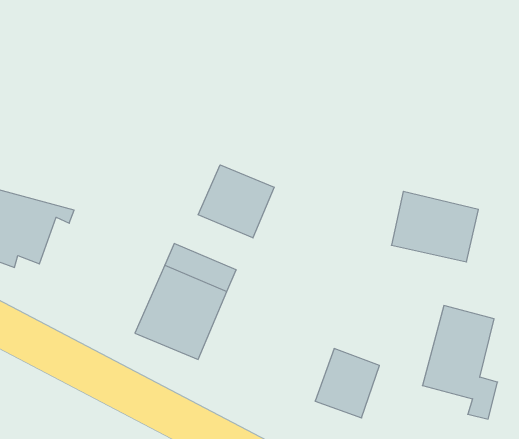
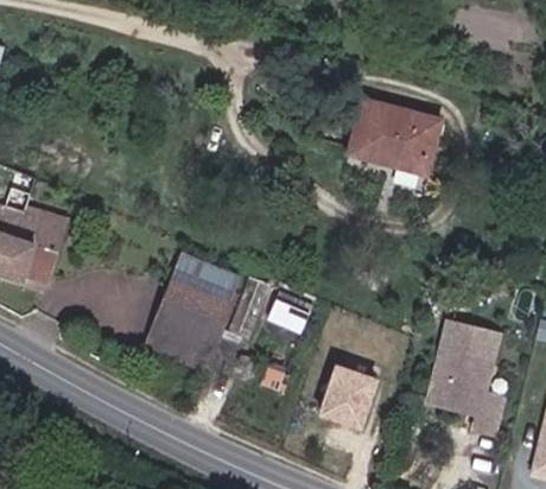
building: [198,165,274,238] -> none
building: [391,191,478,262] -> [357,104,444,174]

